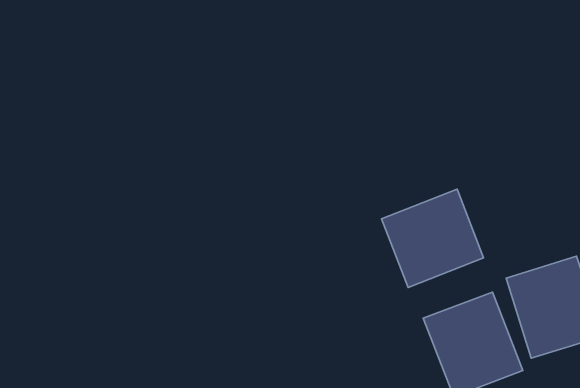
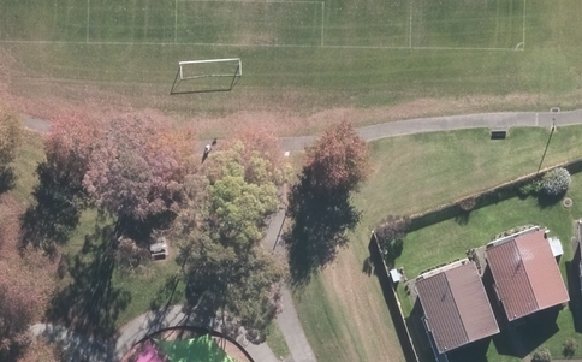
building: [382,189,484,287] -> none

